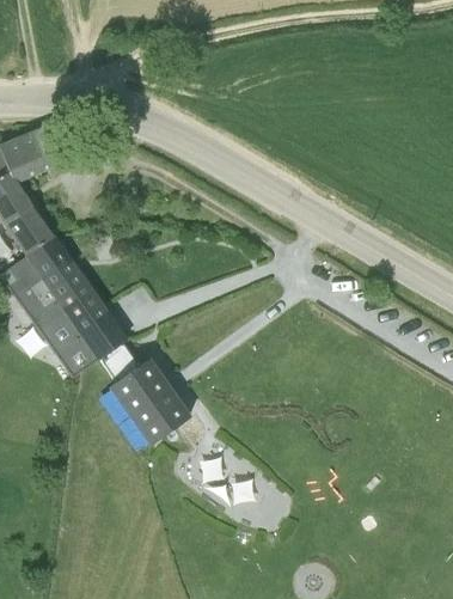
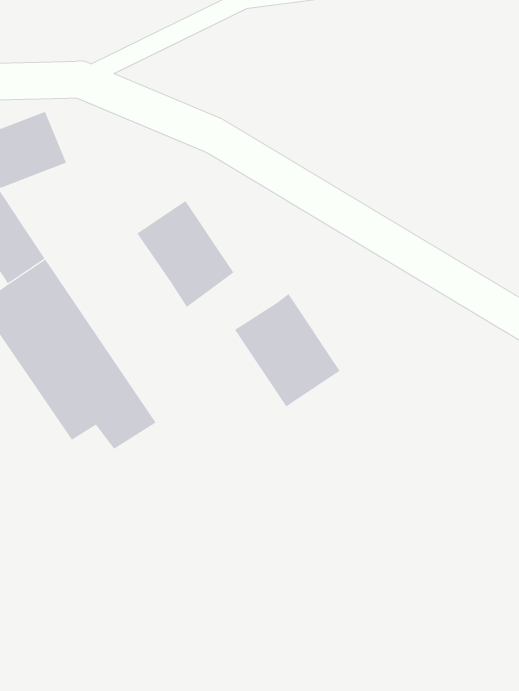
building: none -> [136,200,234,308]
building: [109,357,192,447] -> [234,293,340,407]

